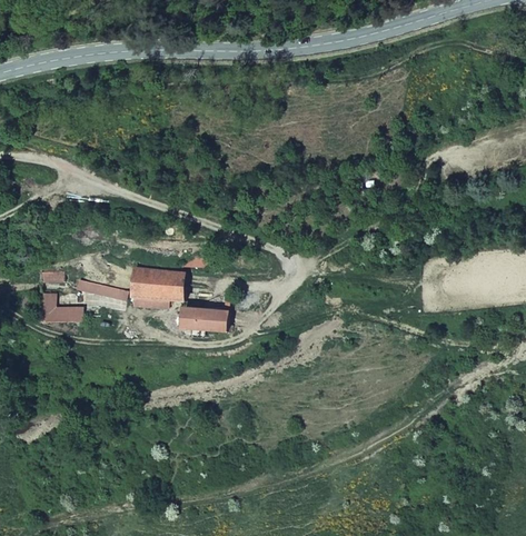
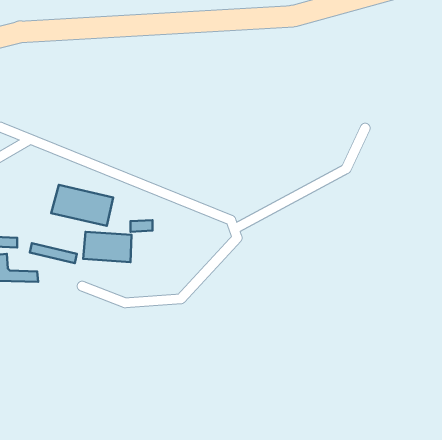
building: none -> [51,185,113,226]
building: [182,308,229,331] -> none

